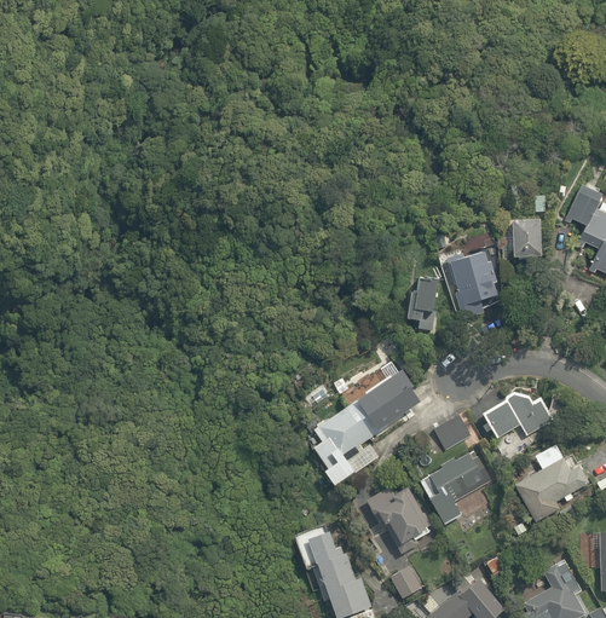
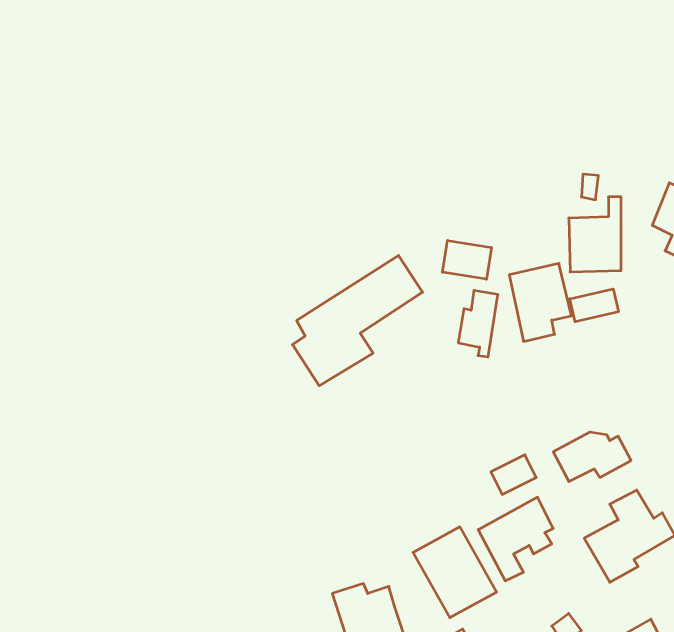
building: none -> [442,240,491,279]
building: none -> [570,289,618,322]
building: [312,372,423,484] -> [292,255,423,386]

